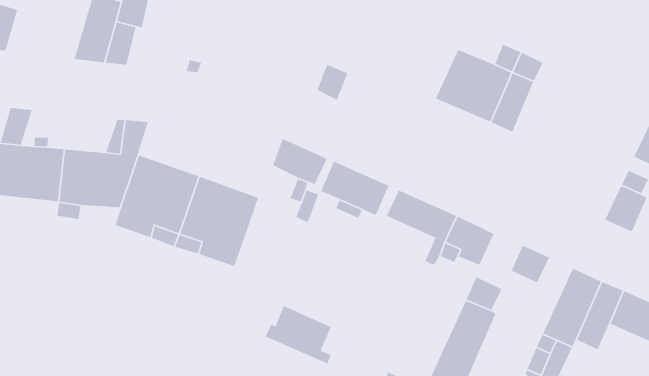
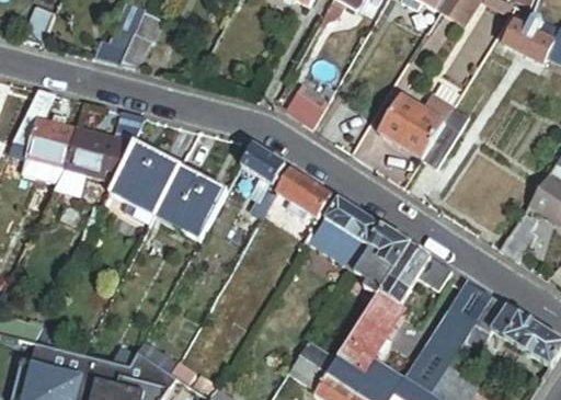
building: none -> [390,245,431,290]
building: [264,305,332,365] -> [307,219,362,272]

